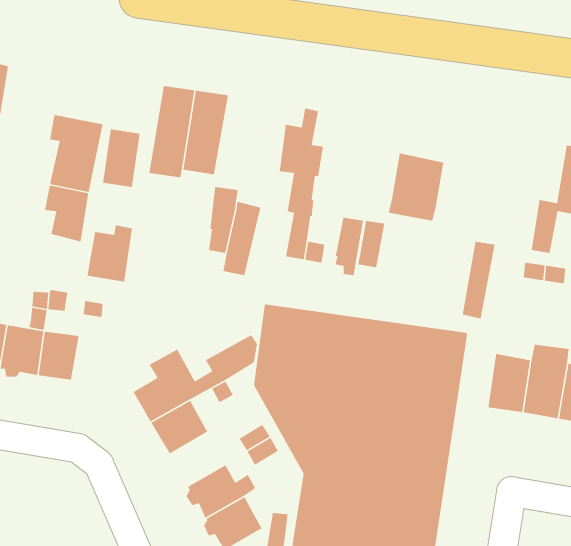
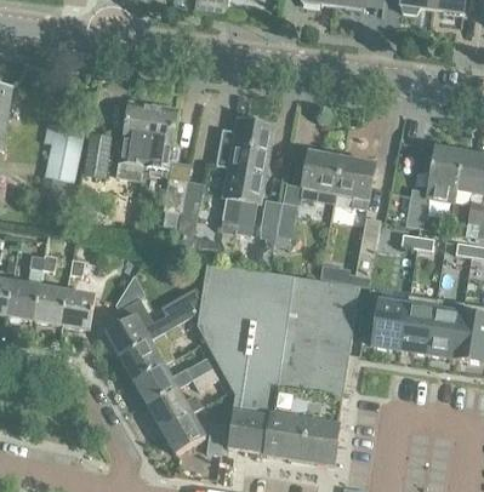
building: none -> [243,119,274,201]
building: none -> [336,158,376,208]
building: [86,225,133,282] -> [61,284,96,327]
building: none -> [135,361,177,402]

